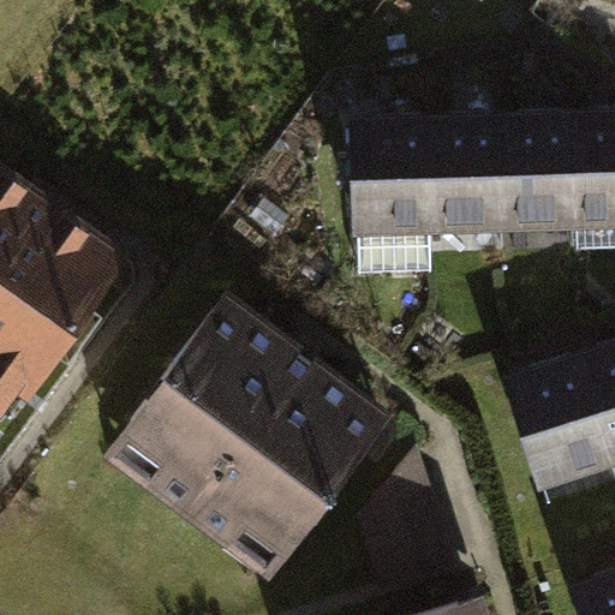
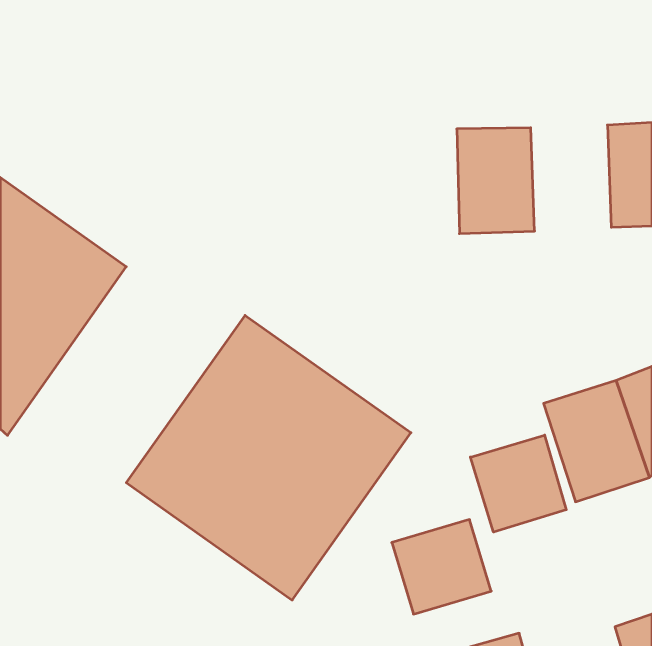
building: [500,124,575,223] -> none
building: [358,127,434,274] -> none
building: none -> [470,435,566,532]

